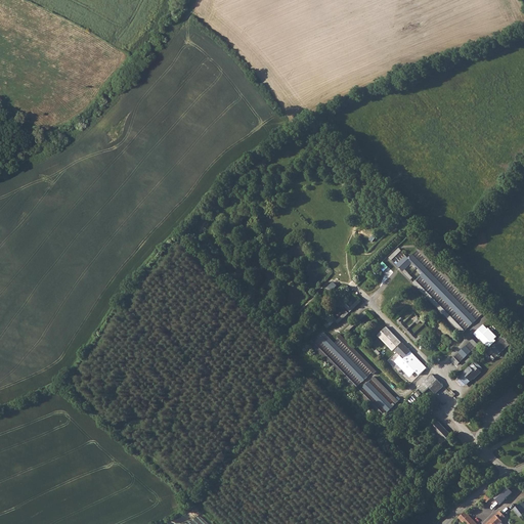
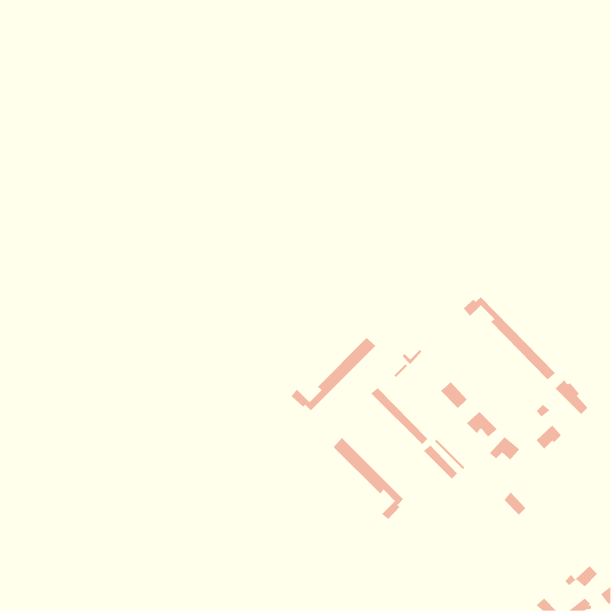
building: none -> [291,337,376,411]
building: none -> [333,437,404,520]

